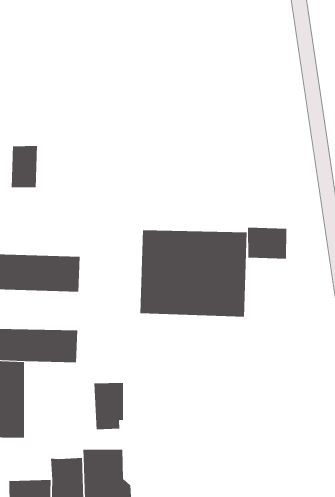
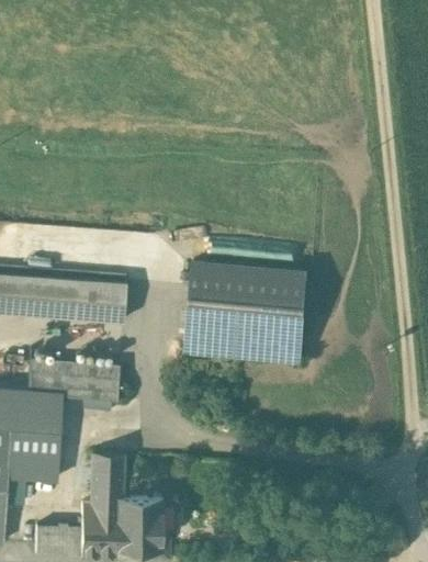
building: [11,145,38,188] -> none
building: [248,227,287,260] -> none
building: [93,383,124,430] -> [90,453,123,504]

